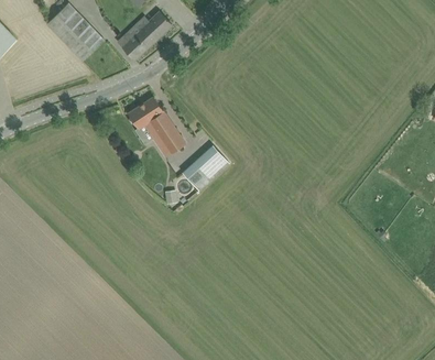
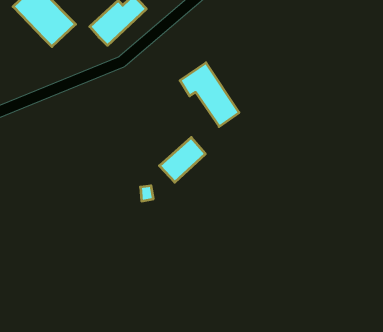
building: [129,97,184,156] -> [180,63,239,127]

